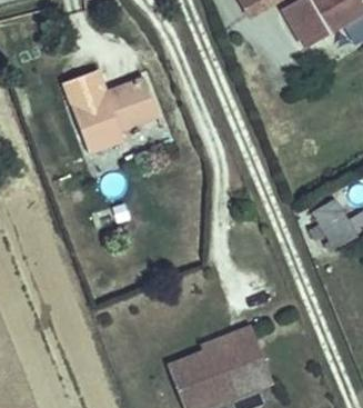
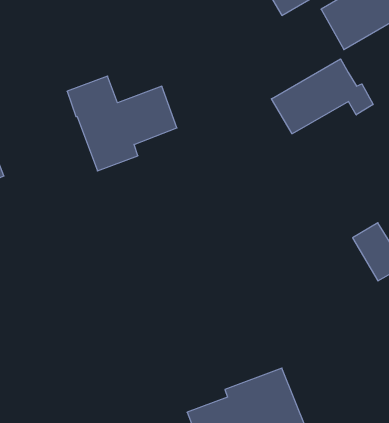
building: none -> [271,59,373,134]

